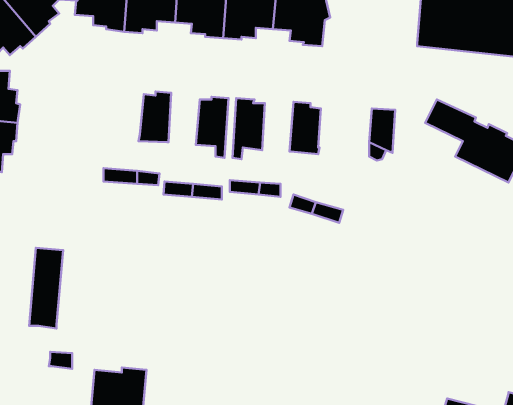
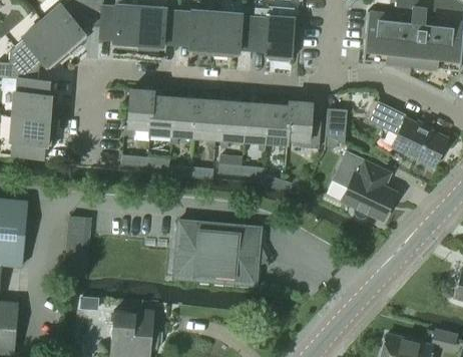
building: none -> [123,88,153,135]
building: none -> [169,96,195,143]
building: none -> [287,101,321,148]
building: none -> [244,102,268,150]
building: none -> [333,150,396,220]
building: none -> [173,220,269,284]

